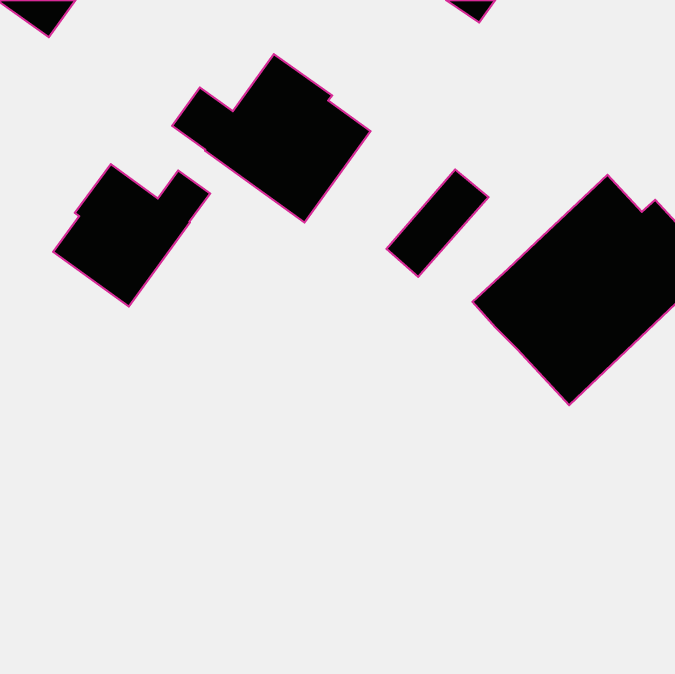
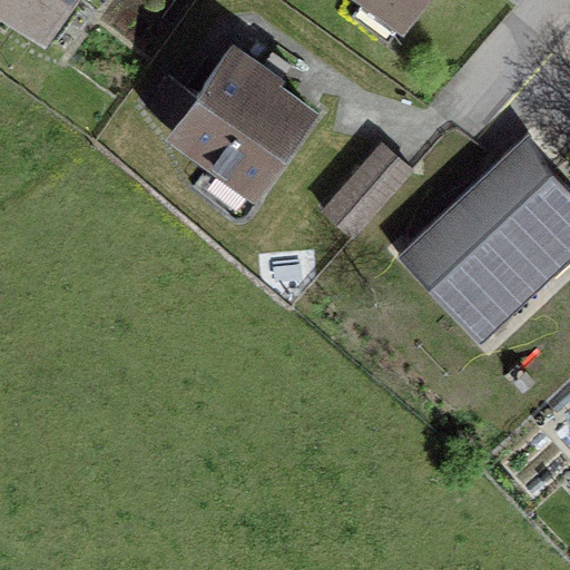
building: [53,164,210,307] -> none

